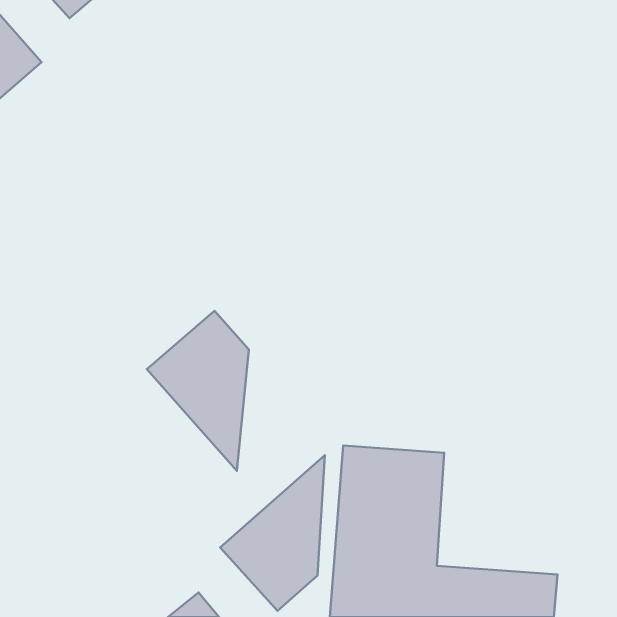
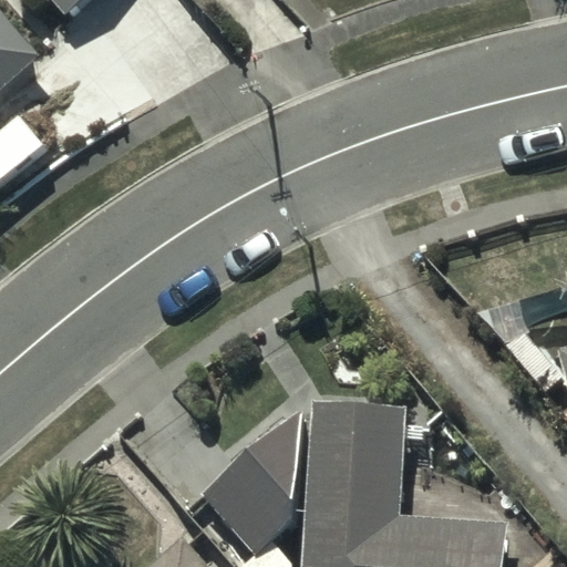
building: [147,311,249,471] -> none

